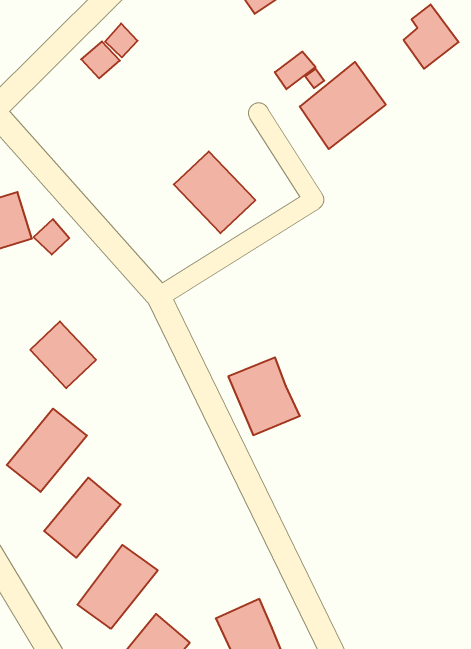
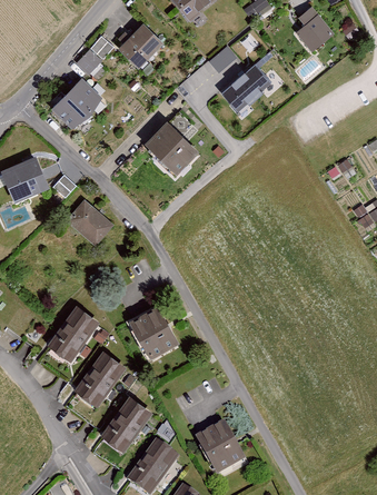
building: none -> [118,23,165,70]
building: none -> [51,81,99,128]
building: [30,321,96,388] -> [66,200,111,246]
building: [228,357,300,435] -> [128,307,179,362]

